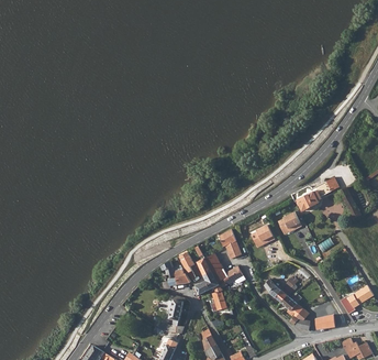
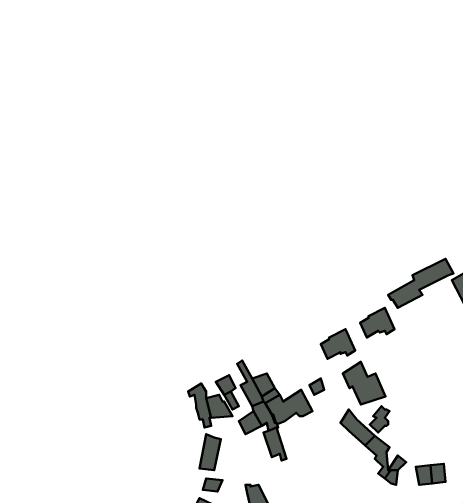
building: [219,229,247,258] -> [343,362,385,405]

